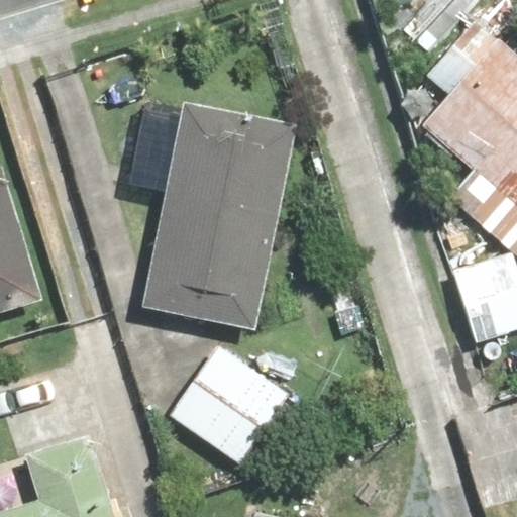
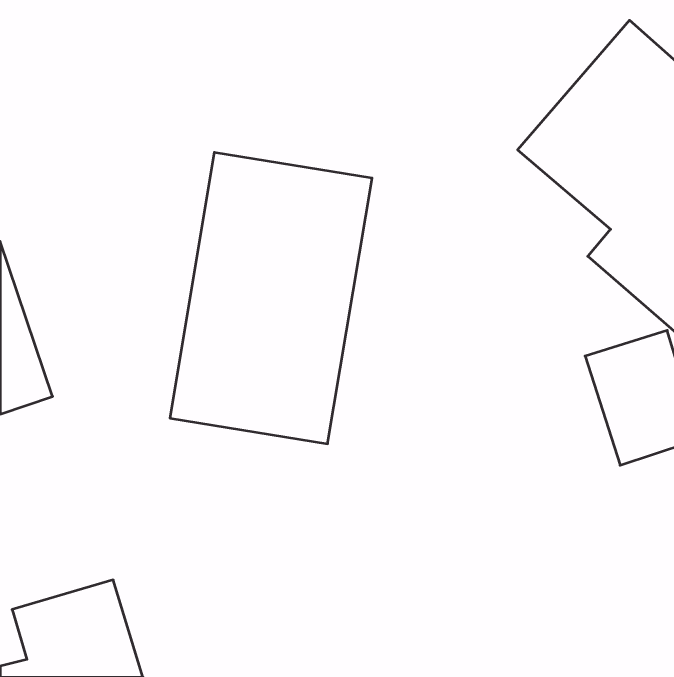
building: [170,337,298,467] -> none

